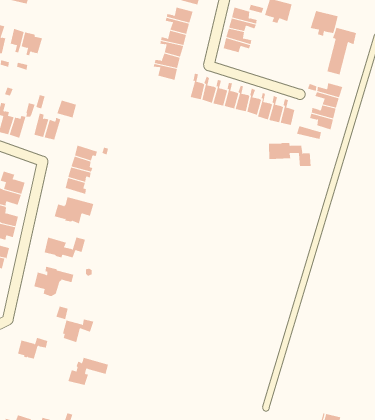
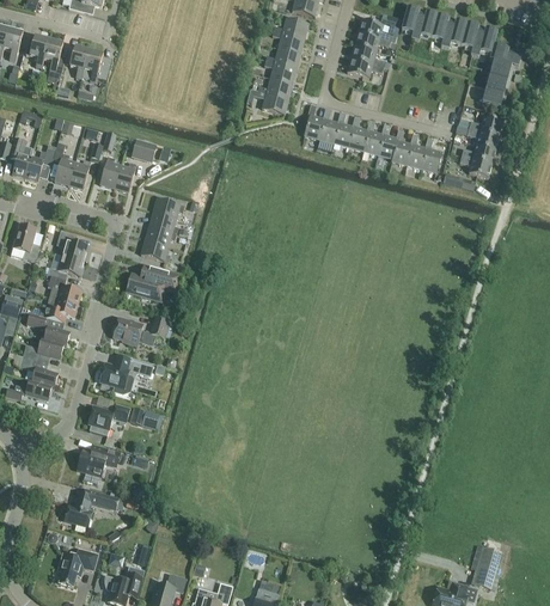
building: none -> [432,14,468,48]
building: [269,142,311,167] -> none
building: [62,319,94,343] -> [88,404,130,435]
building: [68,357,109,386] -> [65,488,118,525]

